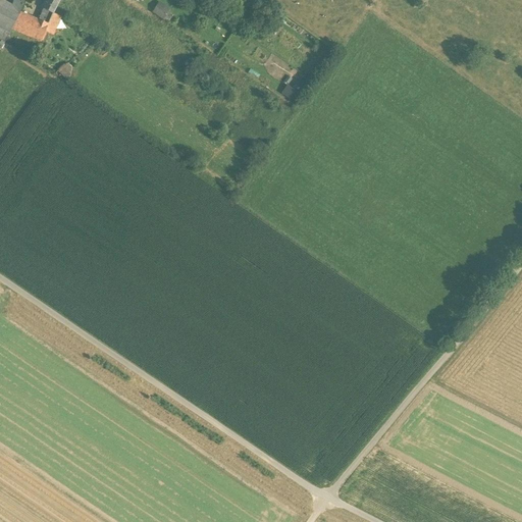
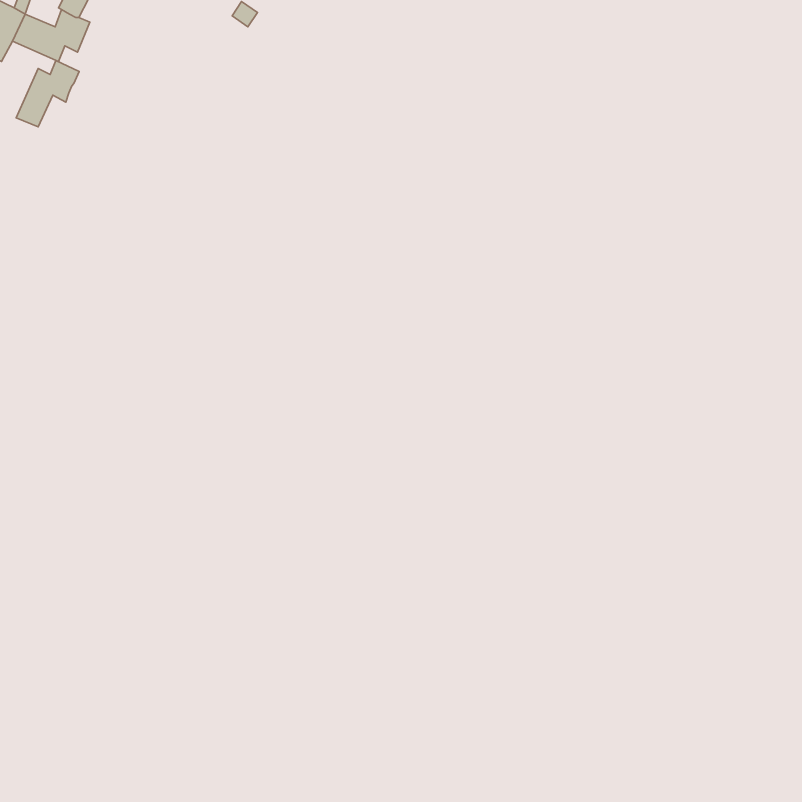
building: none -> [16,60,79,127]

